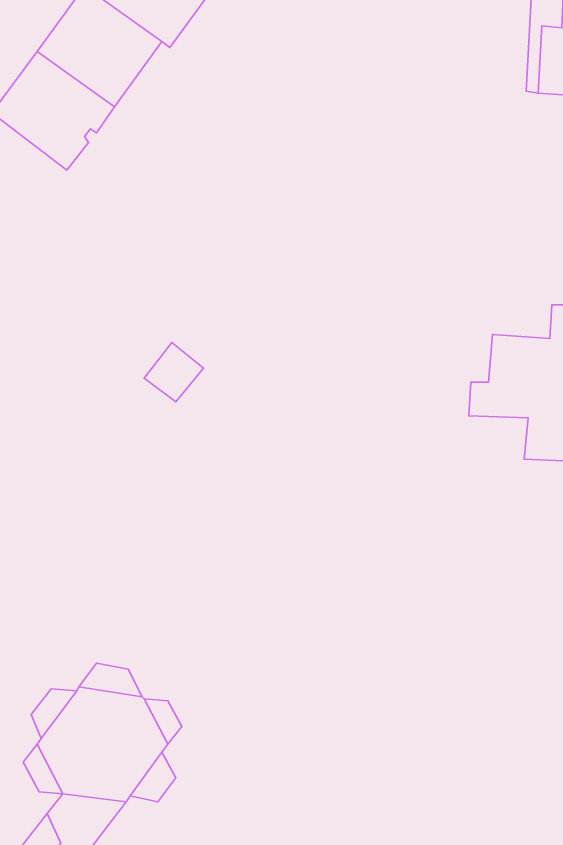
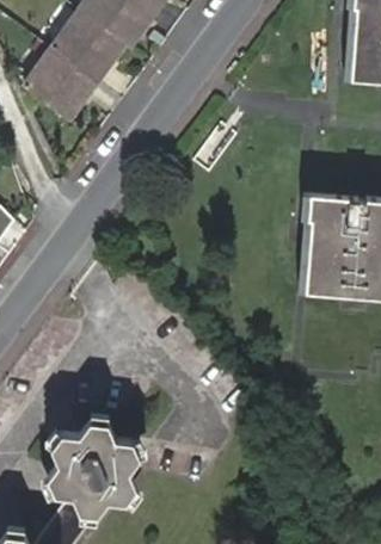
building: none -> [303,196,362,296]

